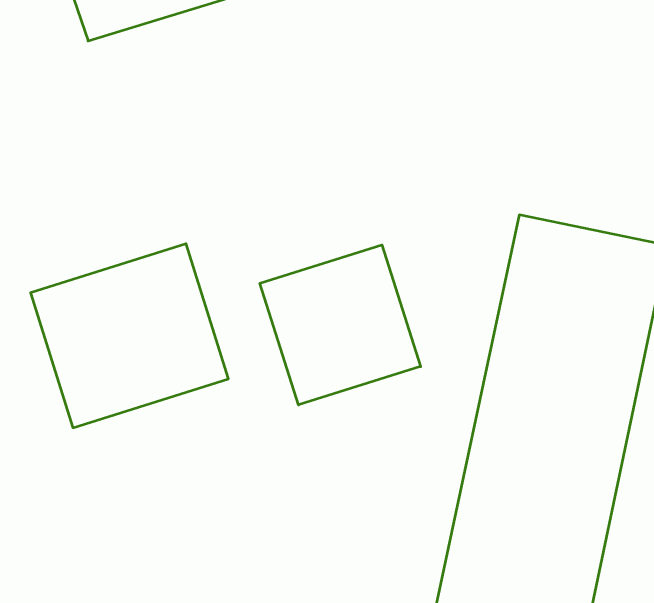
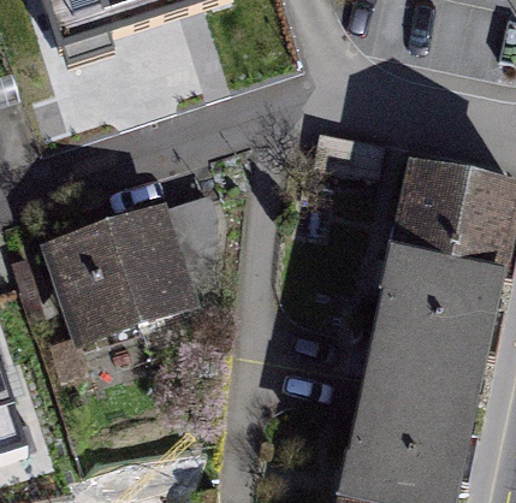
building: [260,245,421,405] -> none

